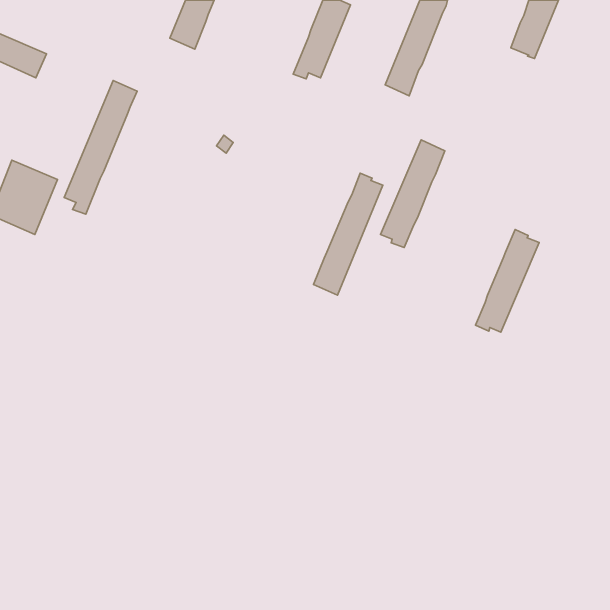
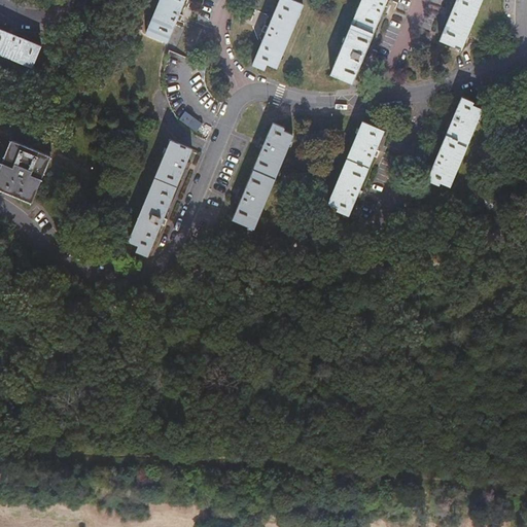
building: [64,80,137,214] -> [129,140,191,255]
building: [314,173,383,295] -> [233,124,292,229]
building: [476,229,539,332] -> [426,98,481,186]

